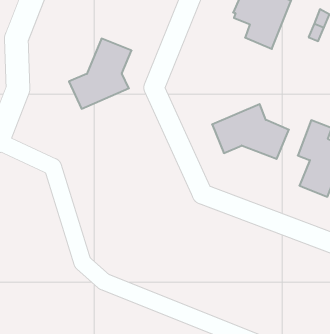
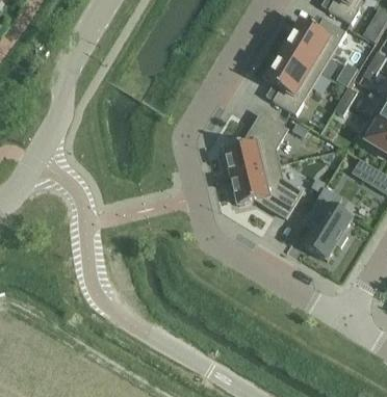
building: [69,39,132,109] -> [224,112,286,174]

